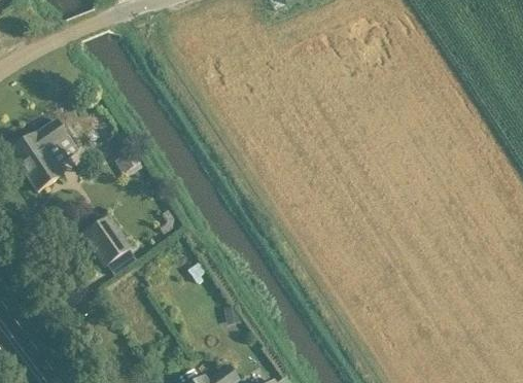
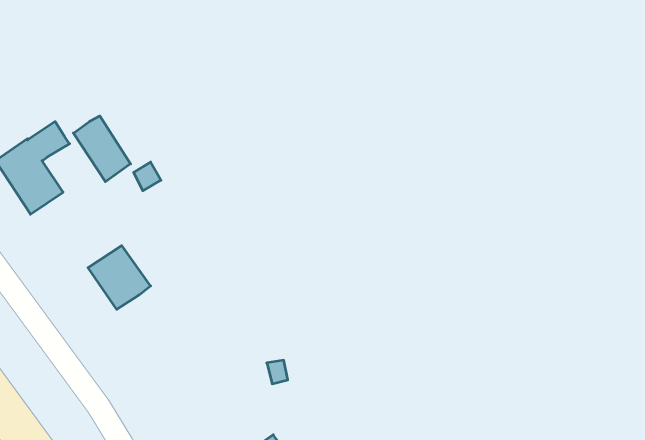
building: none -> [73,116,131,182]

